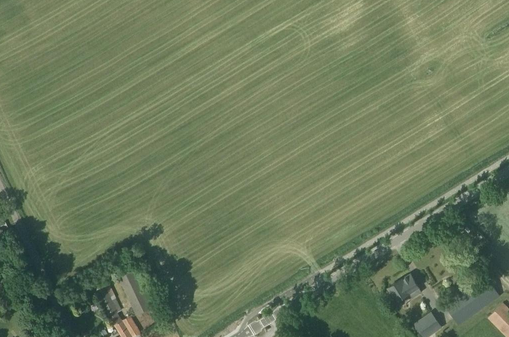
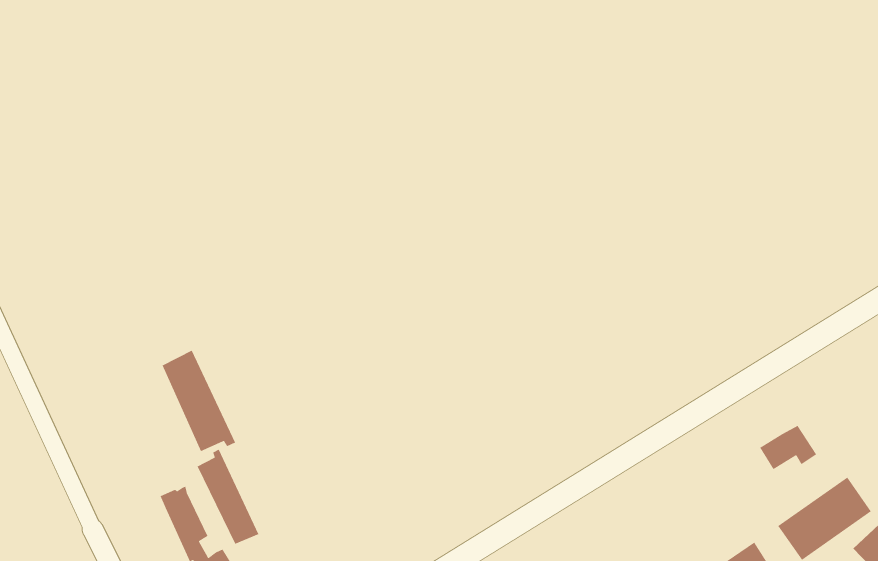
building: none -> [161,349,236,452]
building: [388,276,421,302] -> [759,425,817,470]

